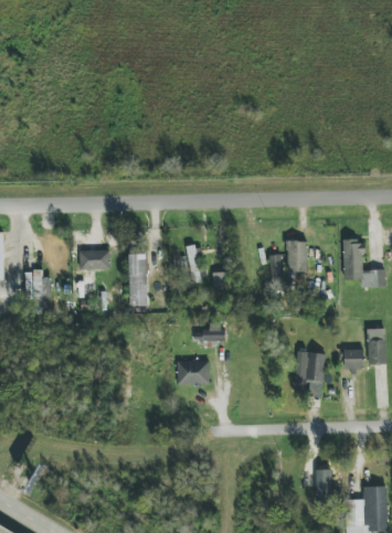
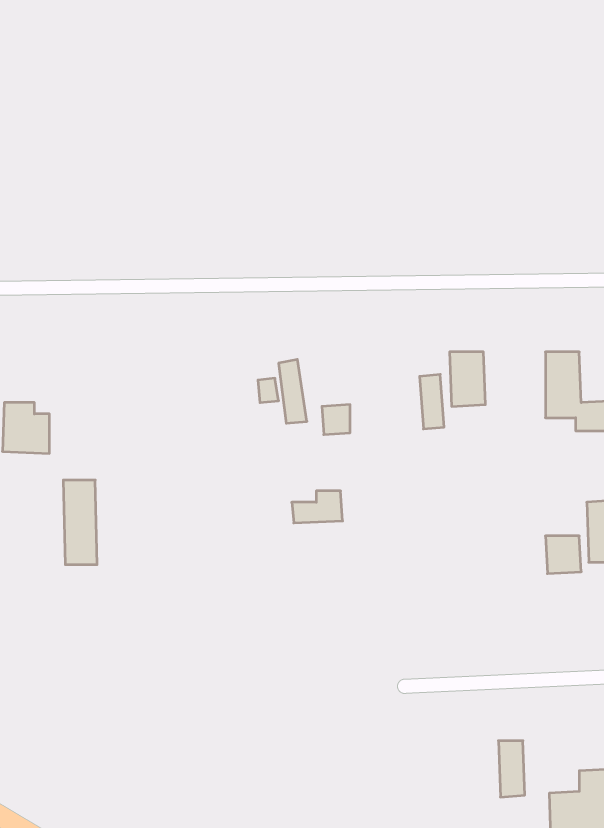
building: [78,249,109,269] -> none
building: [127,256,147,306] -> [63,480,97,565]
building: [294,351,324,396] -> none
building: [177,361,209,385] -> none

